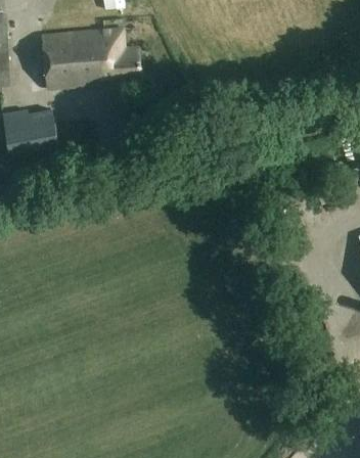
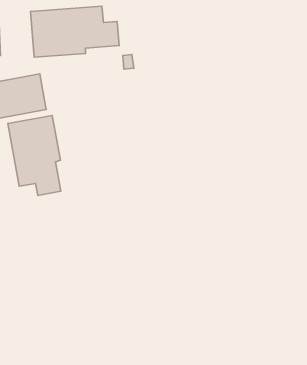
building: none -> [8,116,61,196]

